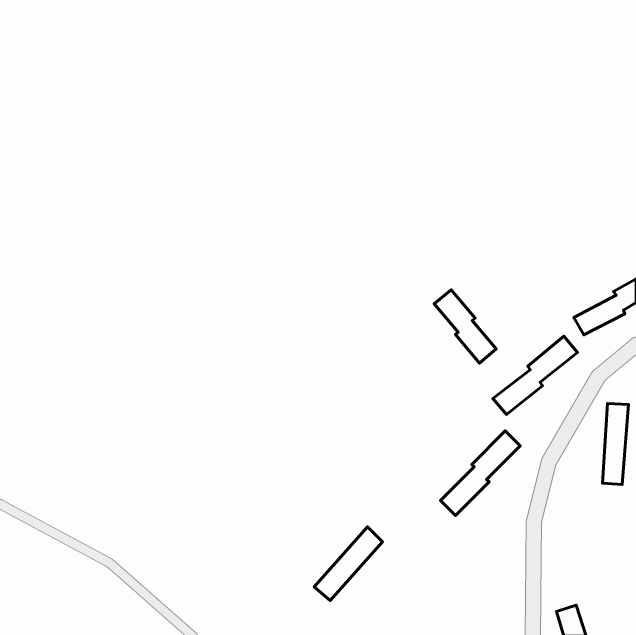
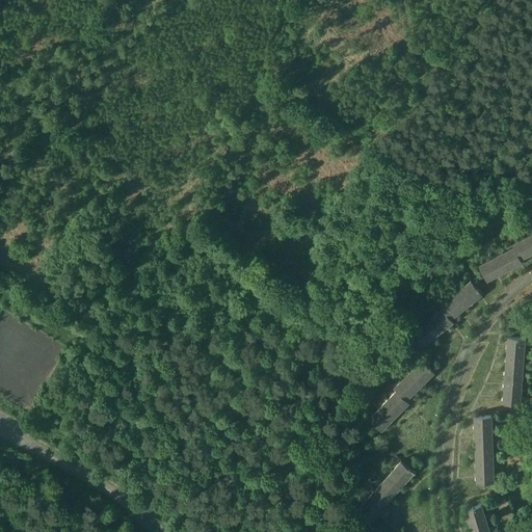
building: [434,290,496,363] -> none
building: none -> [474,417,494,483]
building: [314,527,382,600] -> [356,461,414,523]

